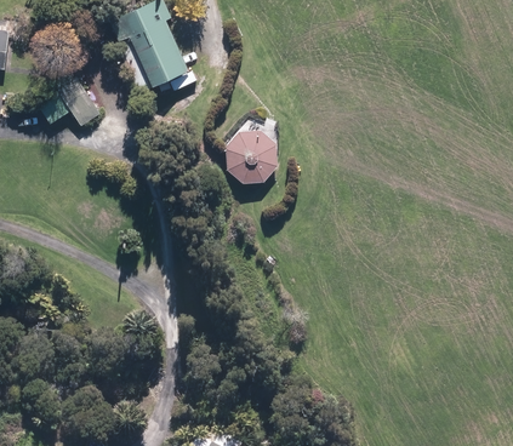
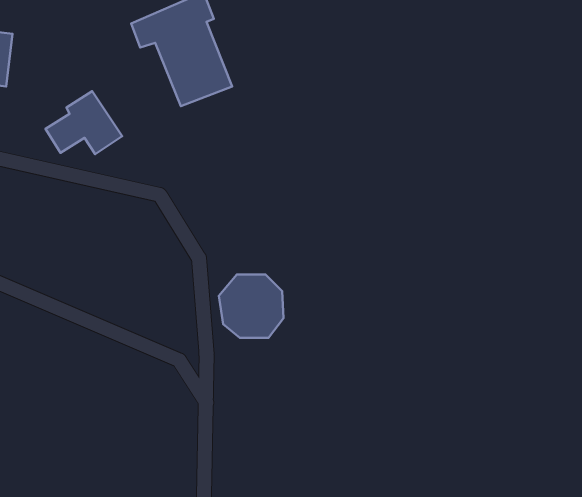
building: [224,132,277,183] -> [219,275,284,338]

